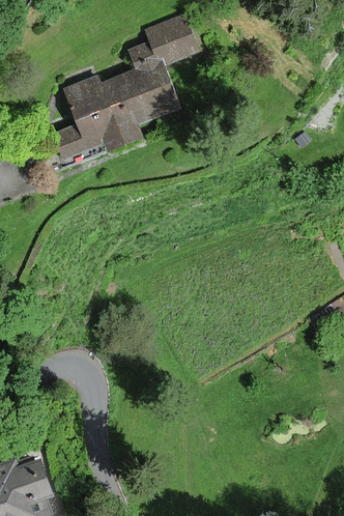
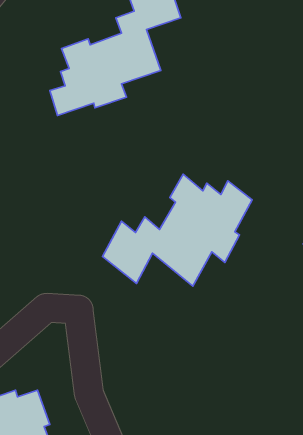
building: none -> [102,174,252,286]

